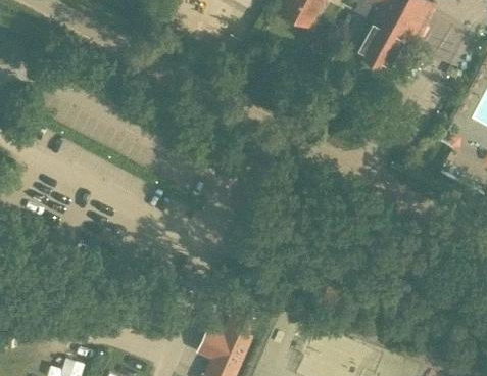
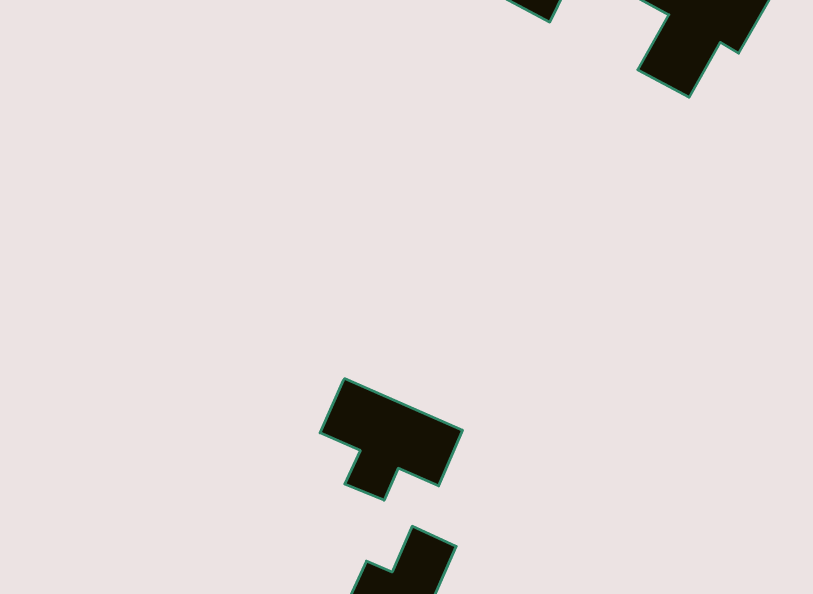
building: none -> [320,379,462,500]

